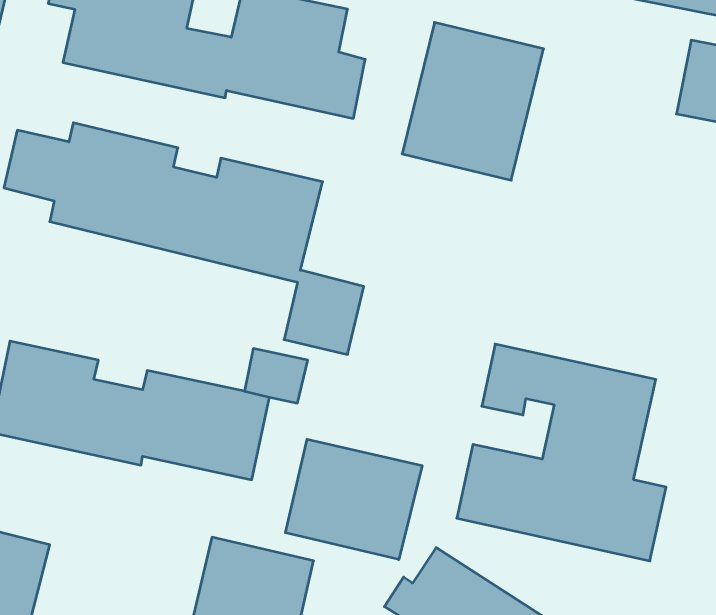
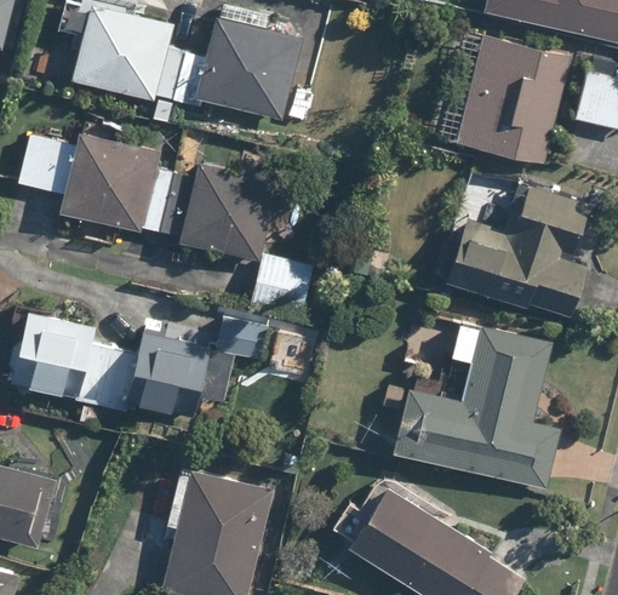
building: [402,22,544,180] -> [454,34,571,164]
building: none -> [442,179,591,319]
building: [285,439,422,560] -> none

